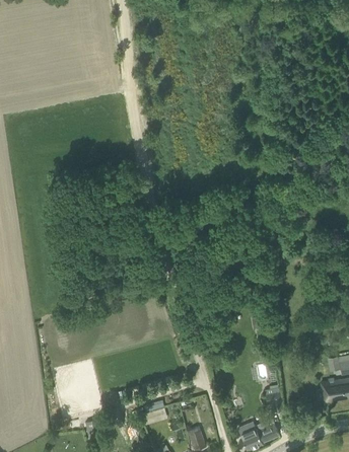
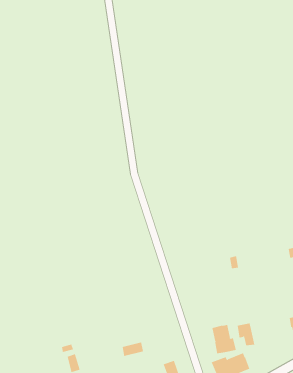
building: none -> [212,324,236,354]

